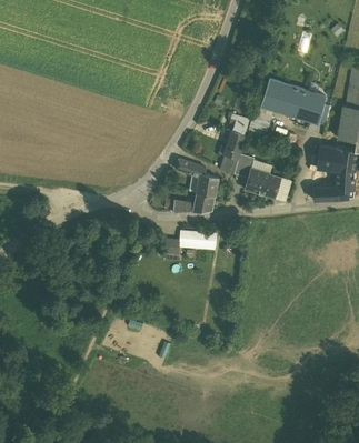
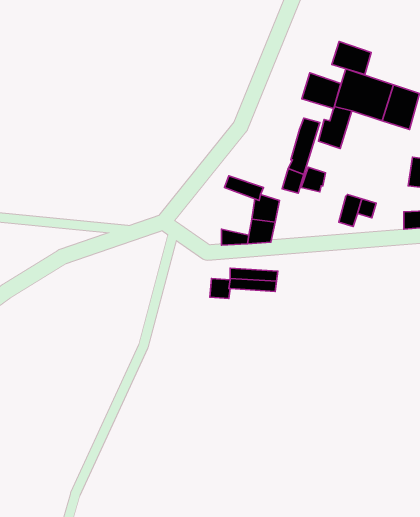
building: none -> [332,41,371,75]
building: none -> [302,73,341,109]
building: [243,167,269,194] -> none

